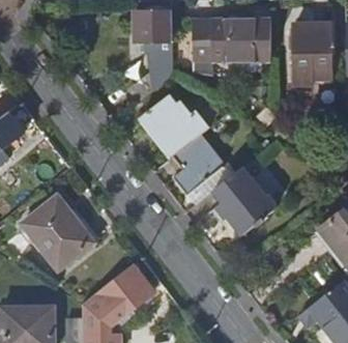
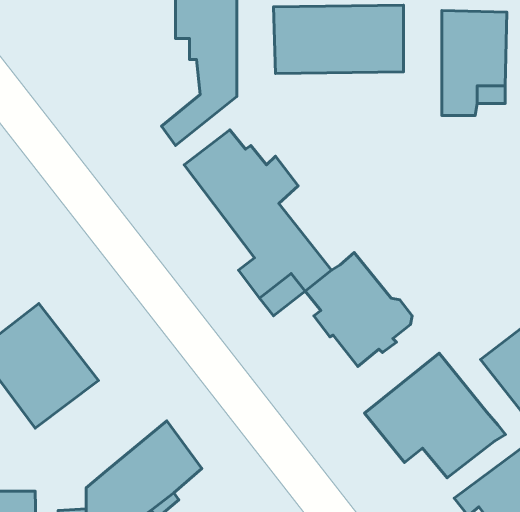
building: none -> [364,353,505,478]

